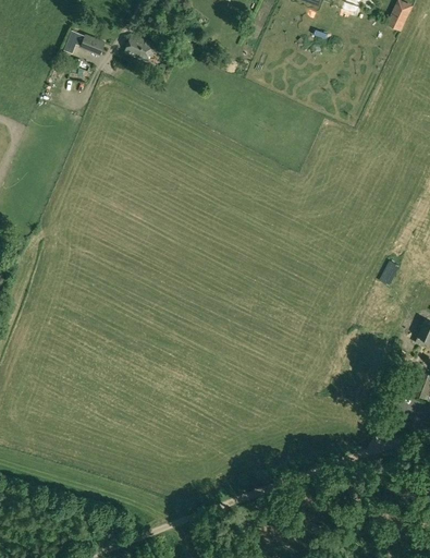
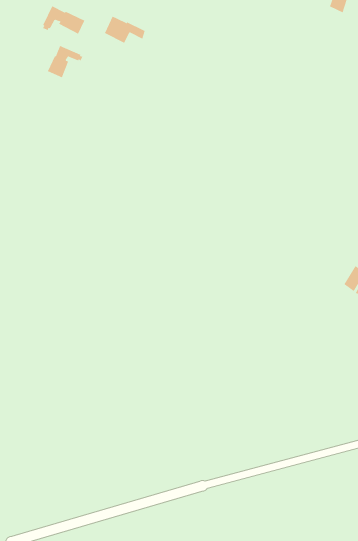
building: none -> [47,45,83,78]

